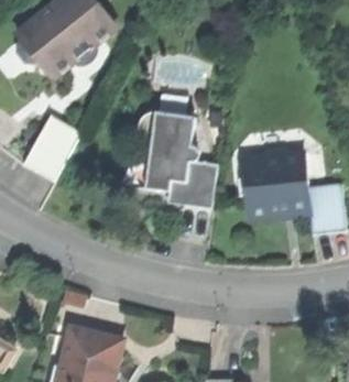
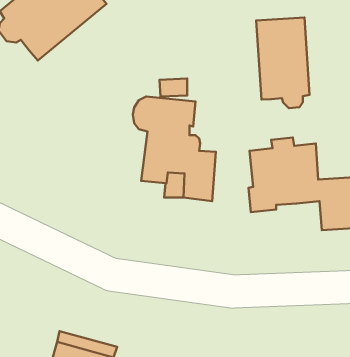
building: none -> [256,17,309,108]
building: [30,120,87,186] -> none

